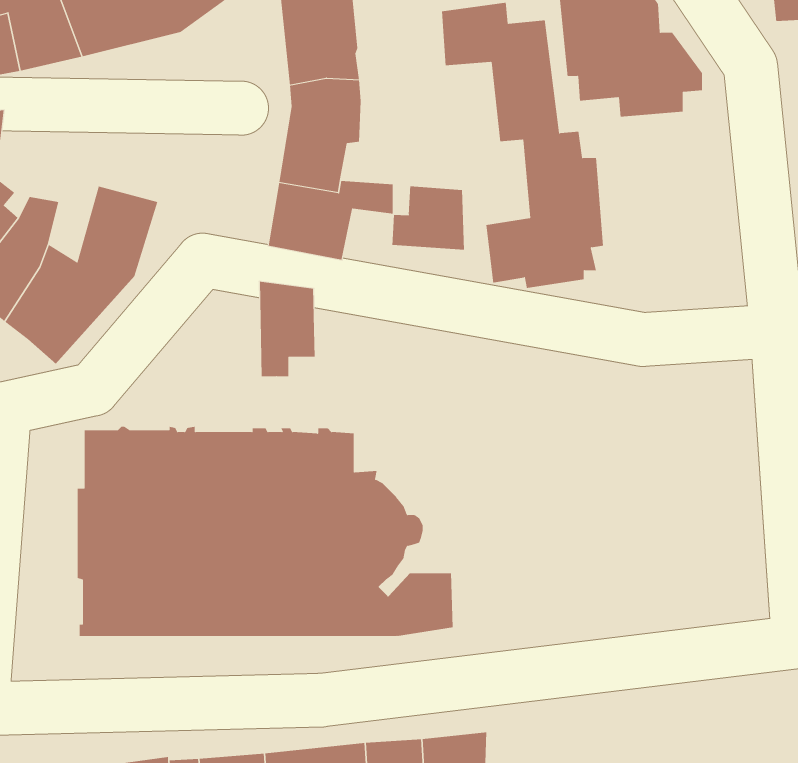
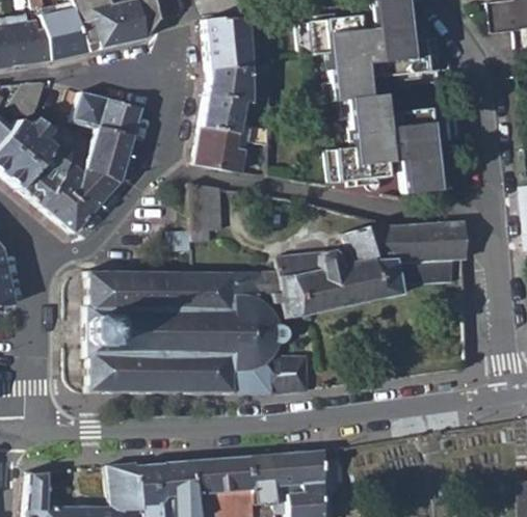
building: none -> [73,93,141,137]
building: none -> [401,102,460,196]
building: [392,185,465,250] -> none
building: none -> [248,219,467,317]

